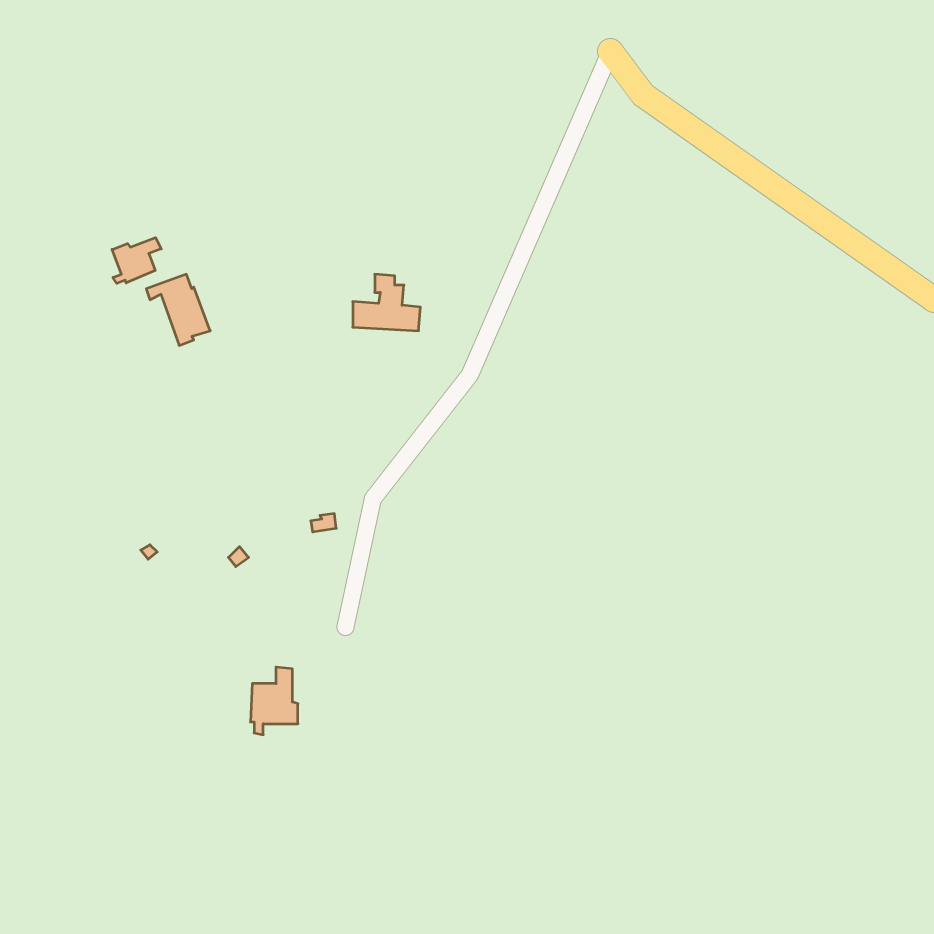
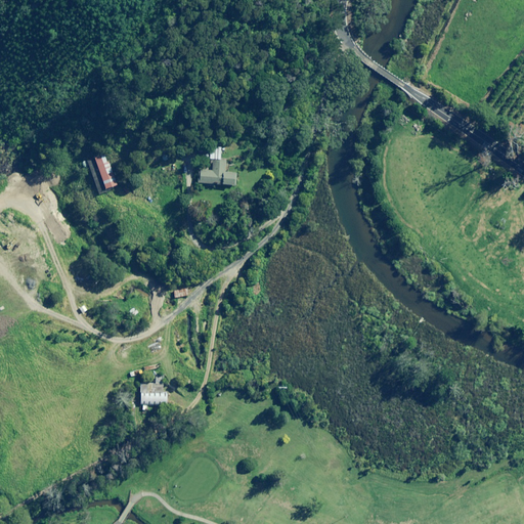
building: [112,238,161,283] -> none

